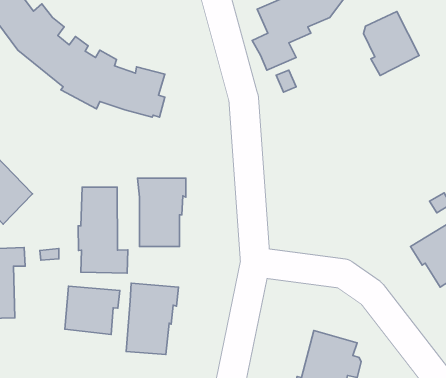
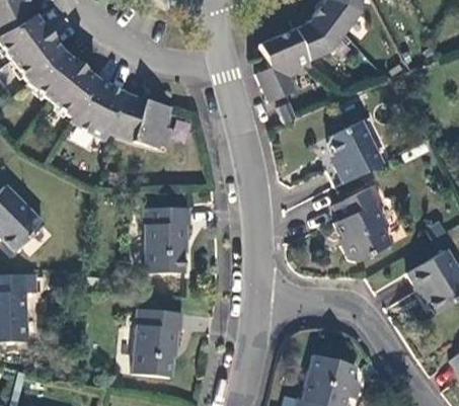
building: [363,12,419,76] -> [327,121,381,183]
building: none -> [333,184,392,261]
building: [78,187,128,273] -> none
building: [65,286,120,334] -> none

